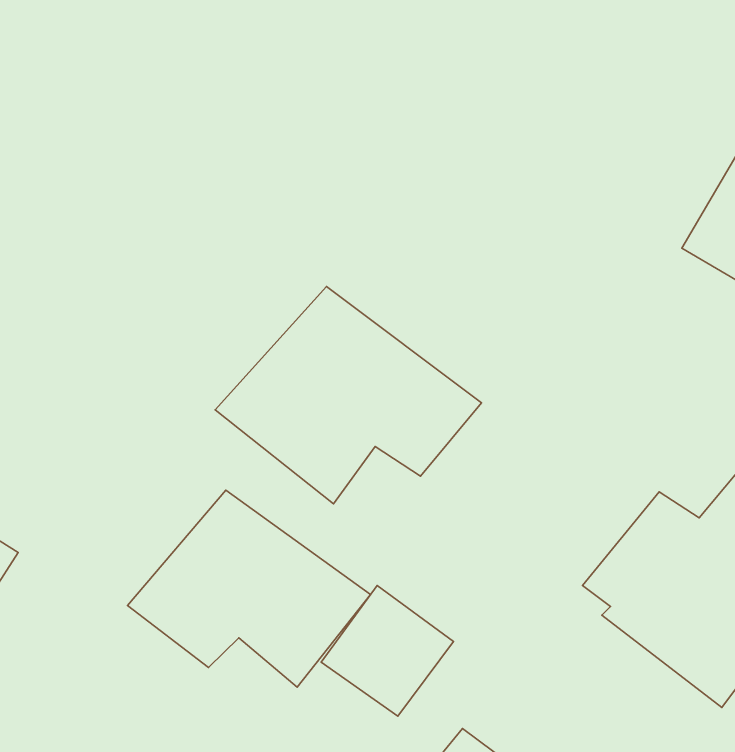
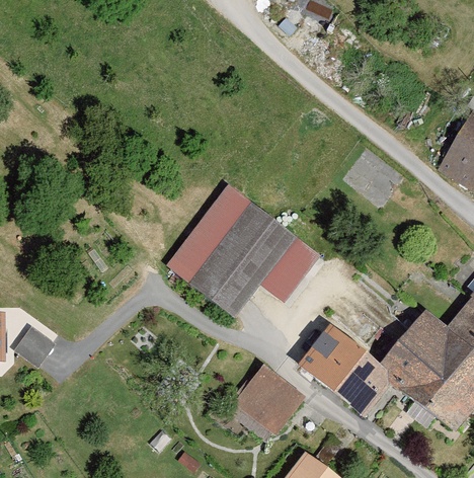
building: [127,490,371,687] -> none
building: none -> [301,326,396,415]

